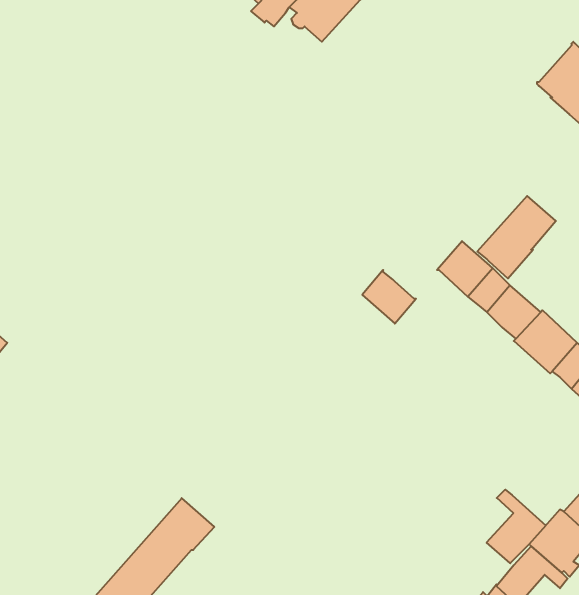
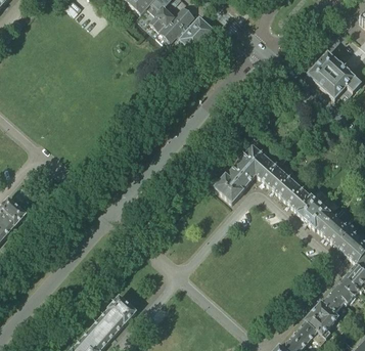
building: [477,196,556,278] -> [227,144,269,188]
building: [487,490,546,563] -> none

